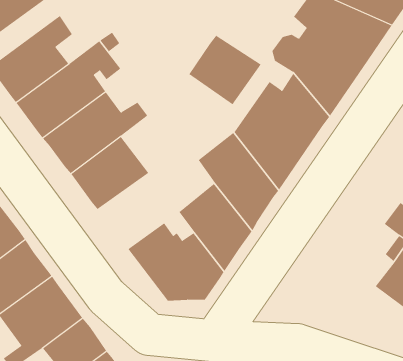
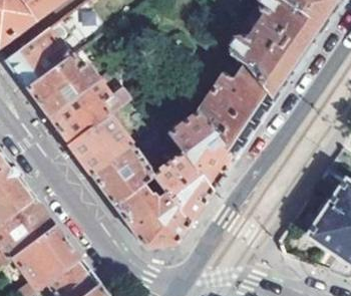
building: [188,35,261,105] -> none
building: none -> [90,143,154,204]

